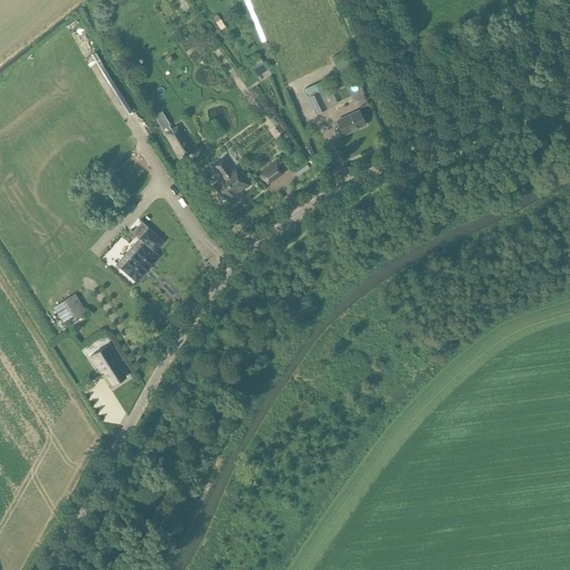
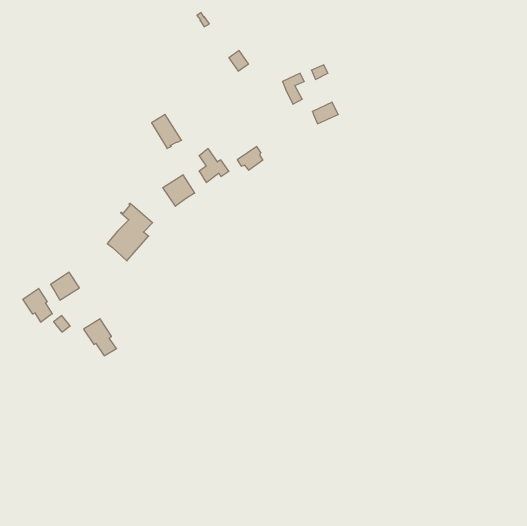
building: none -> [163,175,195,206]
building: none -> [23,288,52,322]

